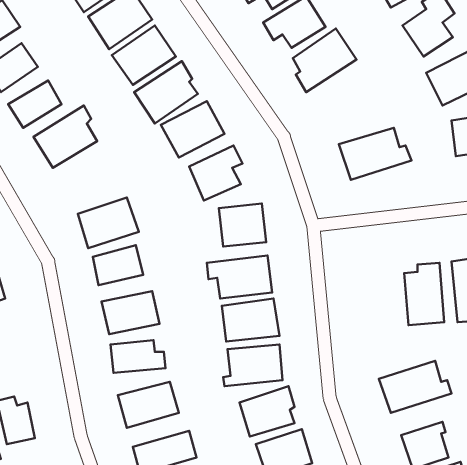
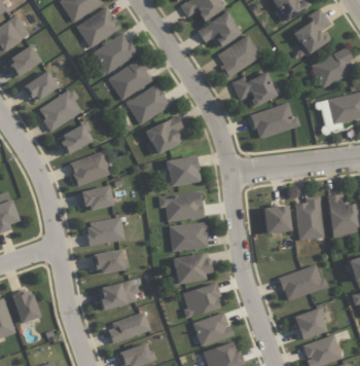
building: none -> [230,73,276,107]
building: none -> [55,123,93,155]
building: none -> [263,207,289,233]

